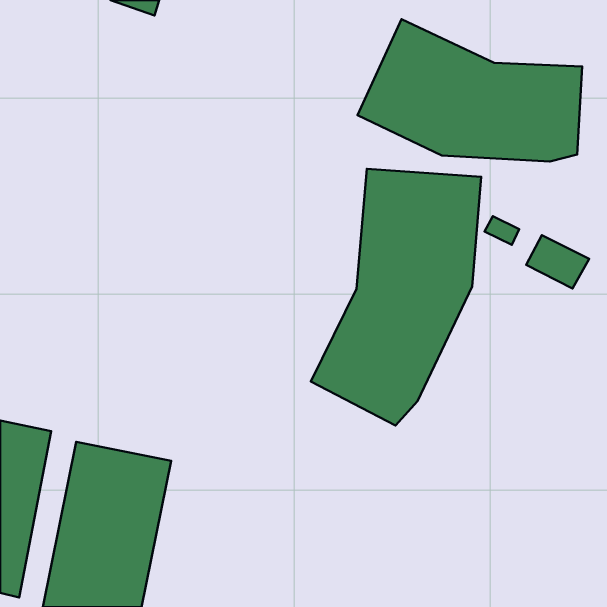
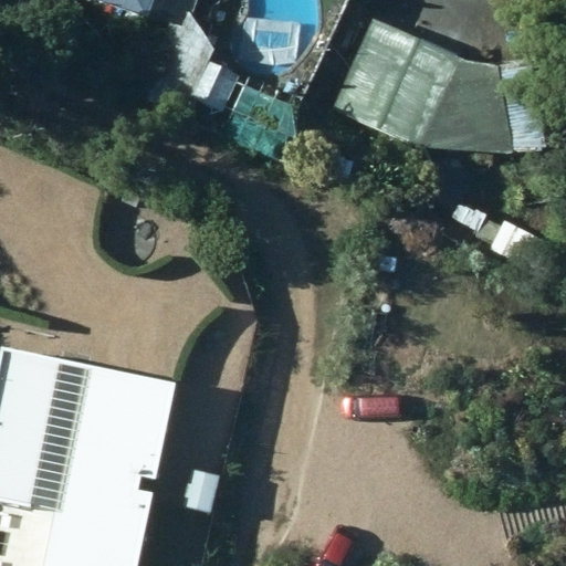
building: [311,169,481,426] -> none

